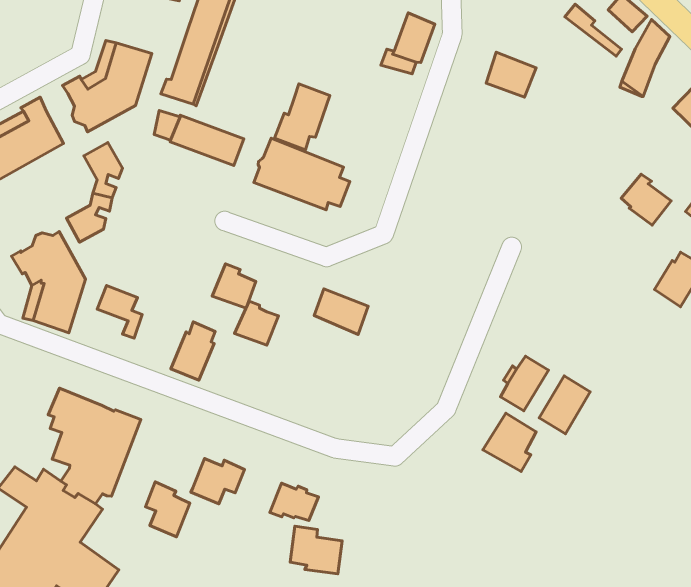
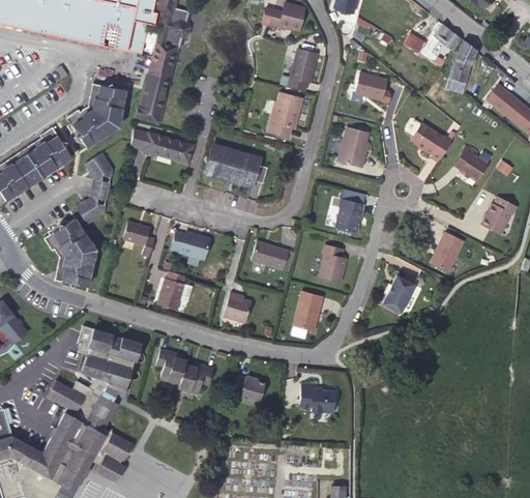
building: [274,84,330,150] -> [267,92,302,137]
building: none -> [337,124,369,166]
building: none -> [411,121,451,157]
building: none -> [336,196,361,230]
building: [97,286,142,338] -> [123,221,154,255]
building: none -> [320,242,347,281]
building: [234,301,279,345] -> [224,293,253,322]
building: none -> [294,290,323,329]
building: [539,376,590,434] -> [430,231,463,270]
building: [483,413,536,471] -> none
building: [145,482,190,537] -> [156,348,186,384]
building: [290,526,342,574] -> [302,382,336,412]

